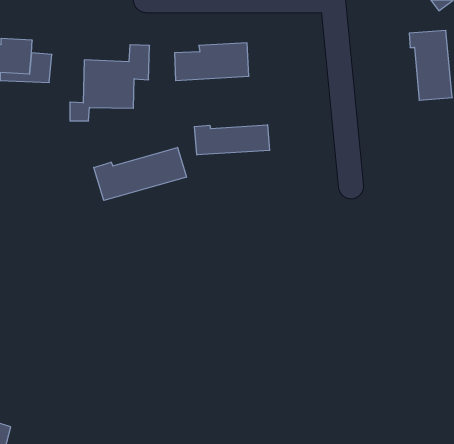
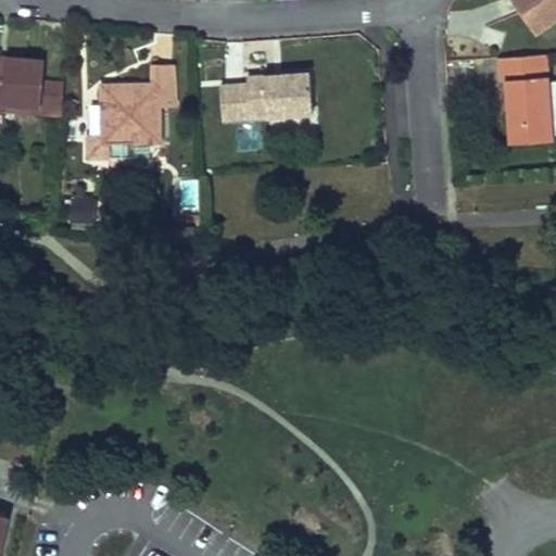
building: [194,125,270,155] -> none
building: [94,147,186,200] -> none

